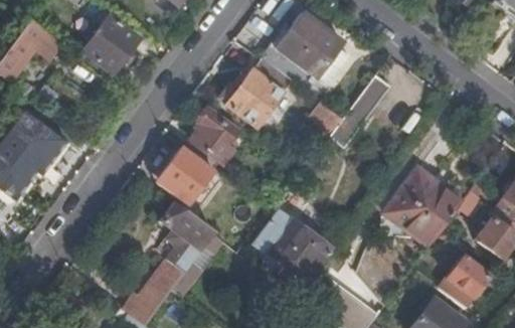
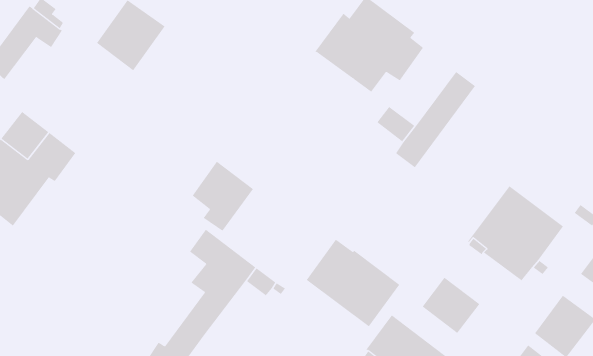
building: [226,59,292,127] -> none
building: [185,109,235,168] -> none
building: none -> [422,277,480,334]

